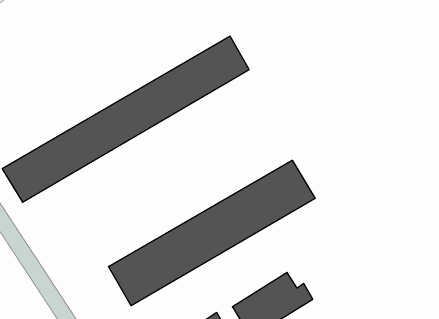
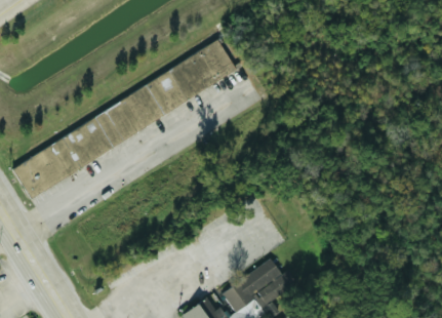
building: [108,160,315,306] -> none

